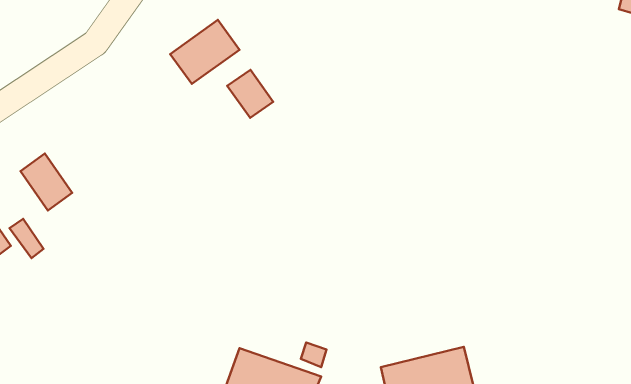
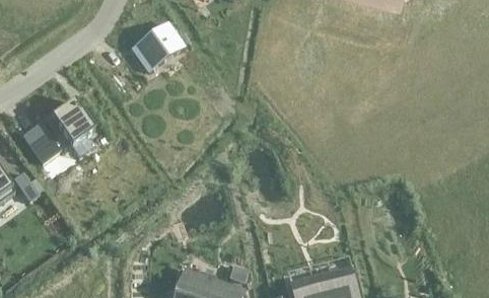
building: [227,70,273,118] -> none
building: none -> [50,99,93,154]

